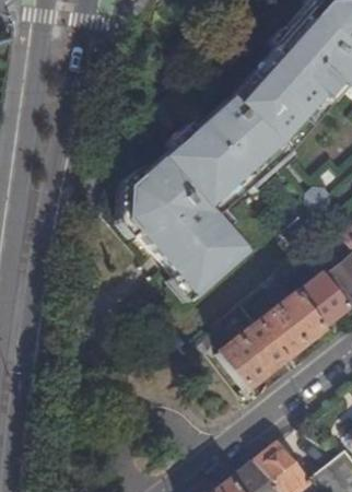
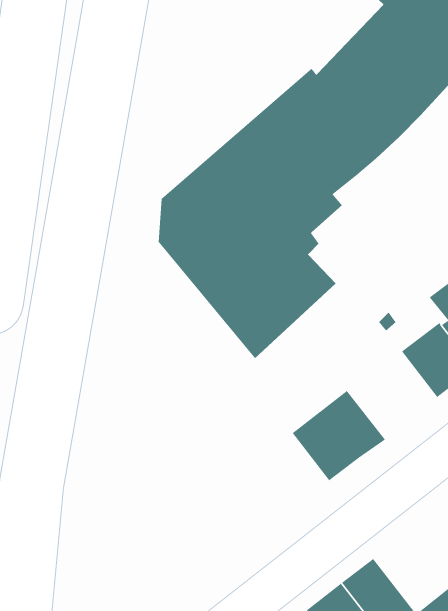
building: [258,293,321,356] -> none

